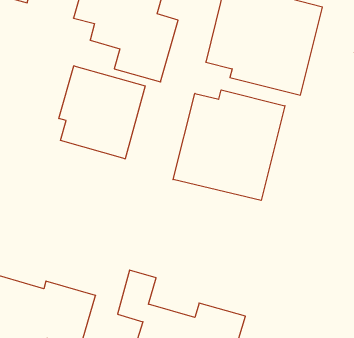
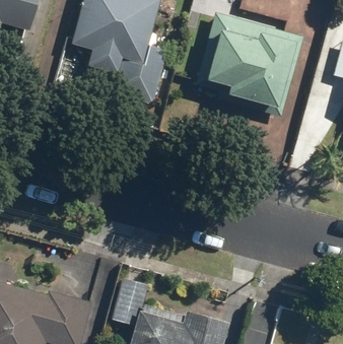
building: [59,66,145,159] -> none
building: [173,90,285,200] -> none

